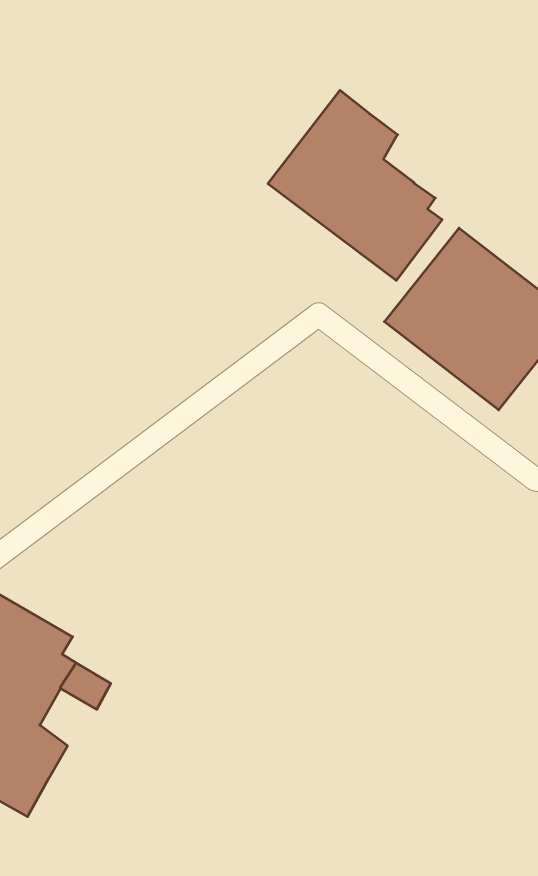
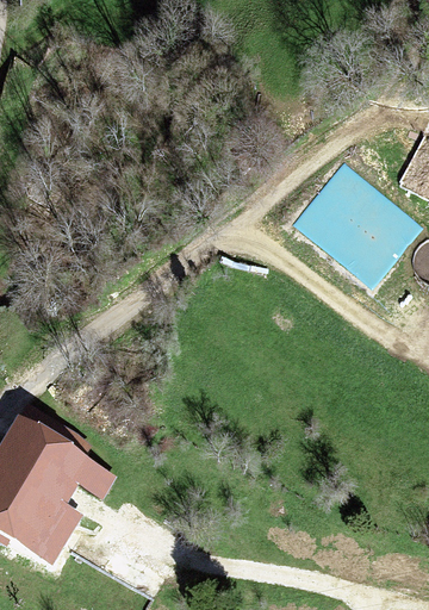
building: [268,90,442,280] -> none

